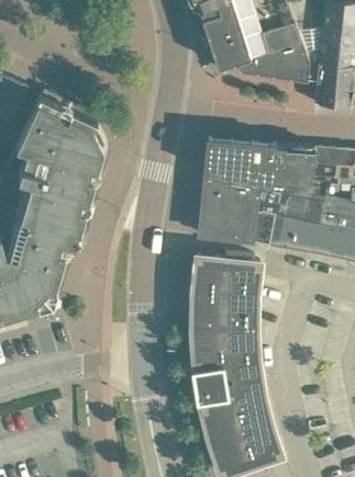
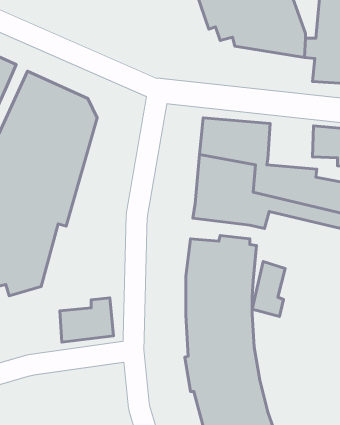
building: [271,146,315,182] -> none
building: none -> [252,262,285,317]
building: none -> [60,298,113,342]

